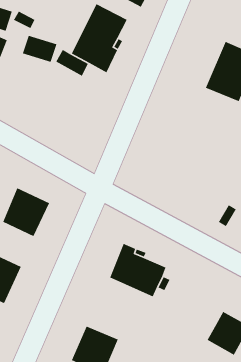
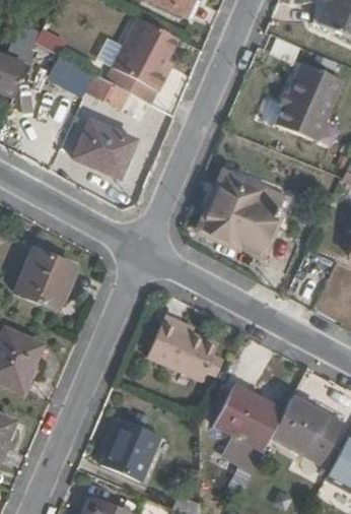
building: none -> [72,117,132,176]
building: none -> [202,176,279,248]
building: none -> [216,386,285,452]

